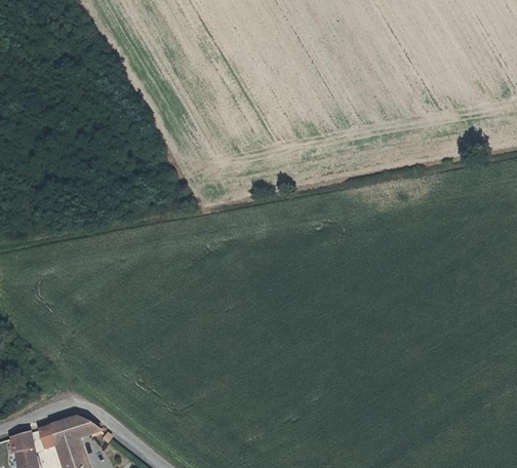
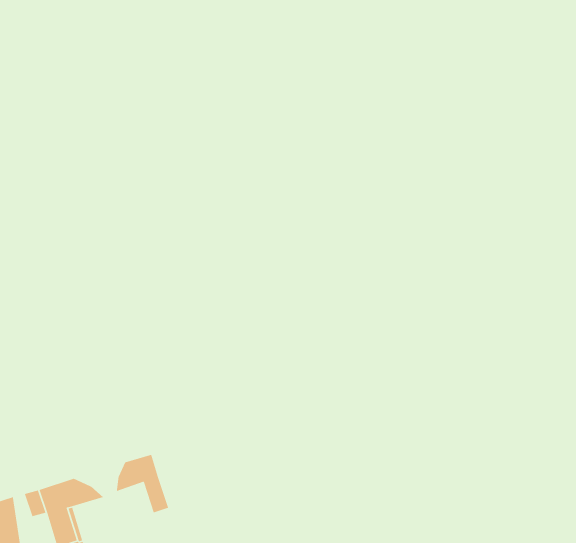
building: none -> [116,454,169,514]

